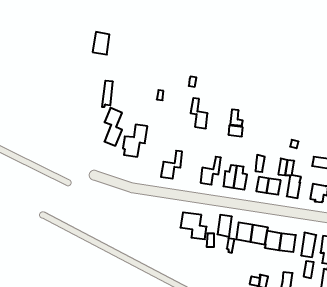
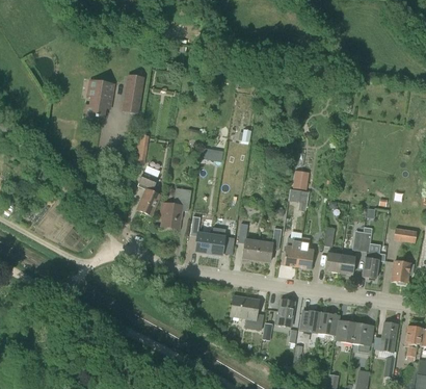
building: none -> [86,79,113,119]
building: [191,98,208,128] -> [238,223,259,260]
building: none -> [190,215,211,253]

